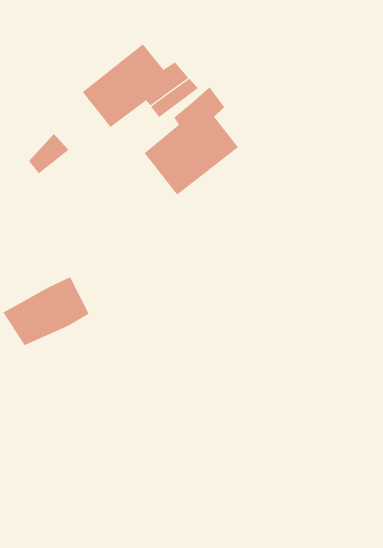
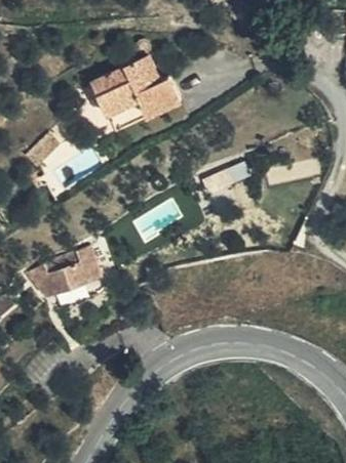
building: [144,86,239,196] -> none

